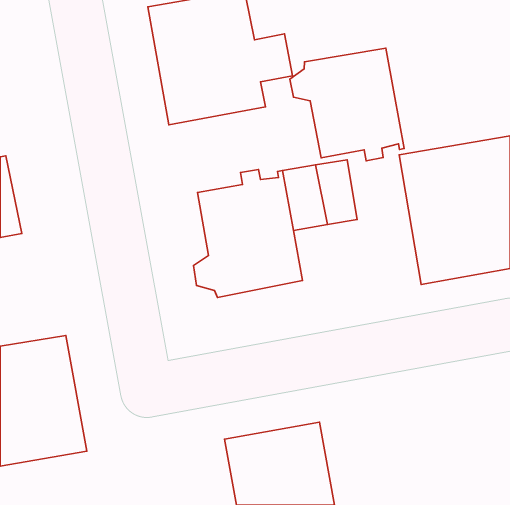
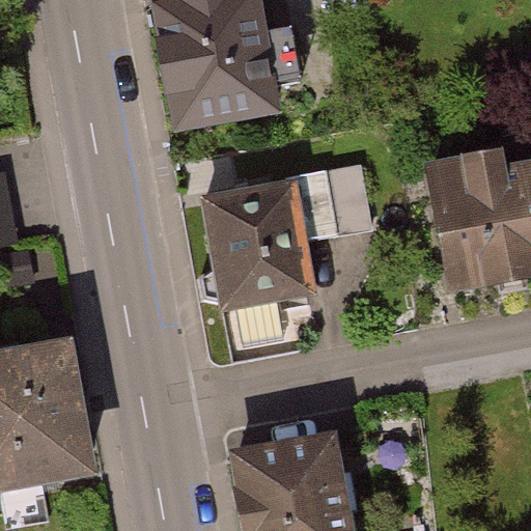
building: [290,48,404,161] -> none

